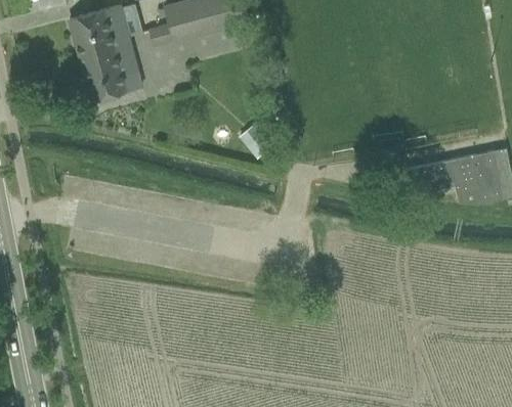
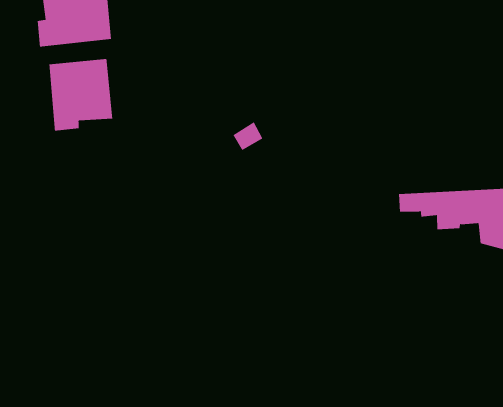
building: none -> [49,58,113,131]

